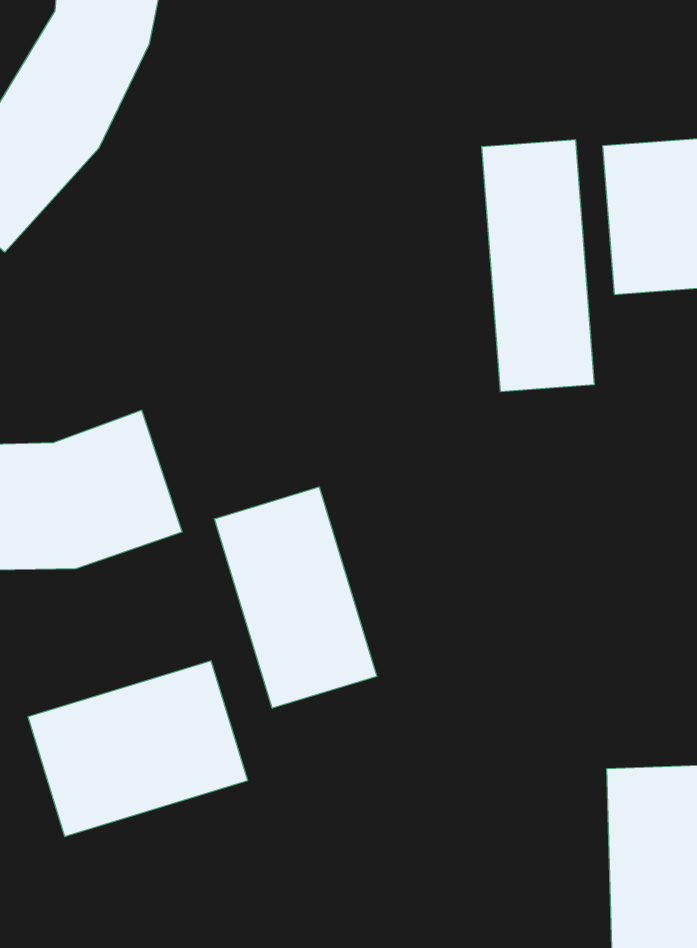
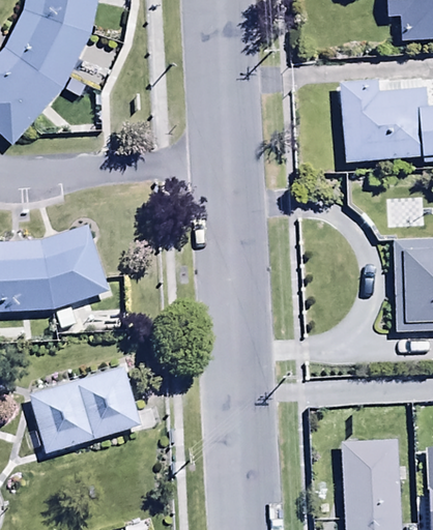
building: [482,140,594,392] -> none
building: [214,487,377,708] -> none

